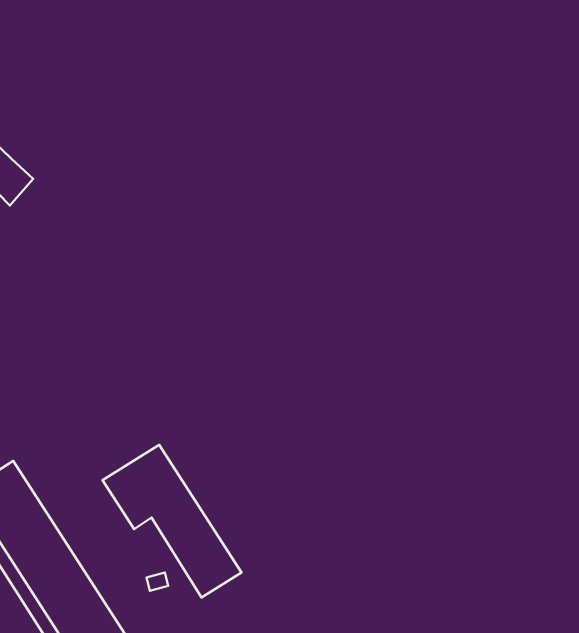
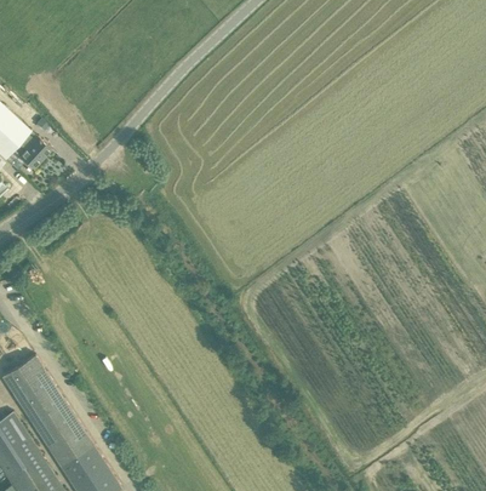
building: [103,445,241,598] -> none

